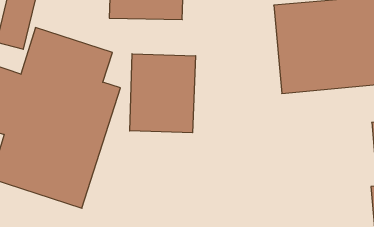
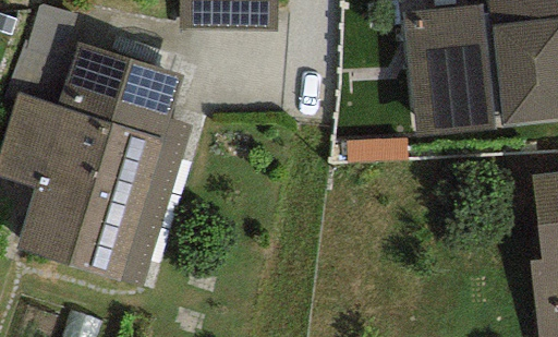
building: [130,54,196,133] -> none

